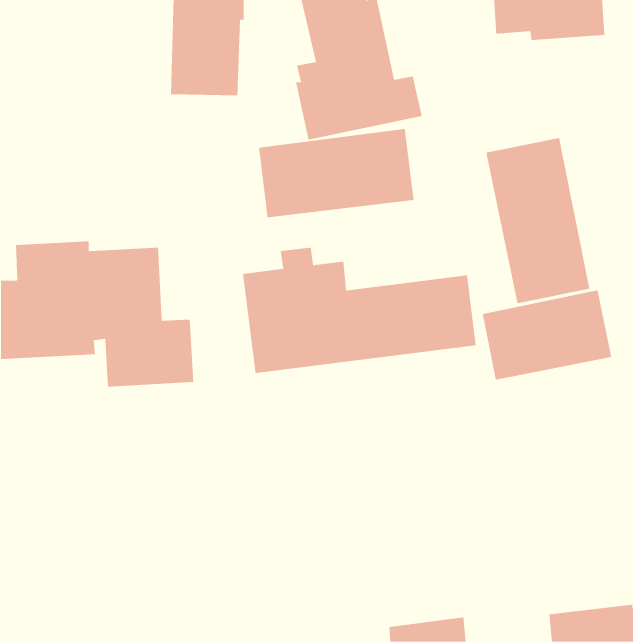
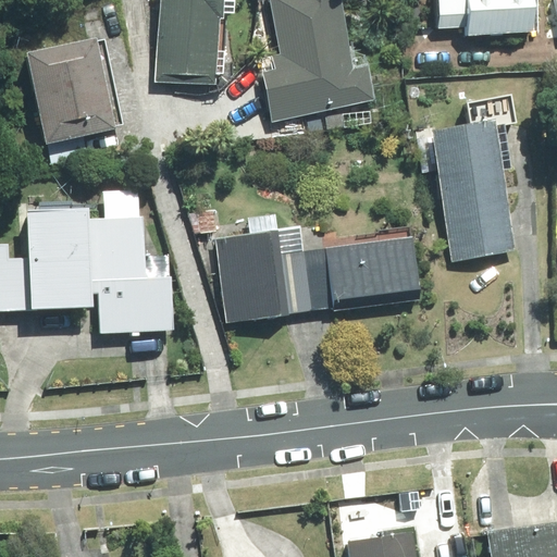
building: none -> [20,36,117,164]
building: [259,128,414,218] -> none
building: [482,289,612,380] -> none

